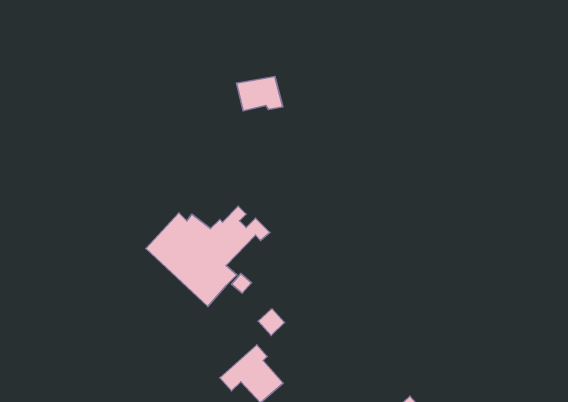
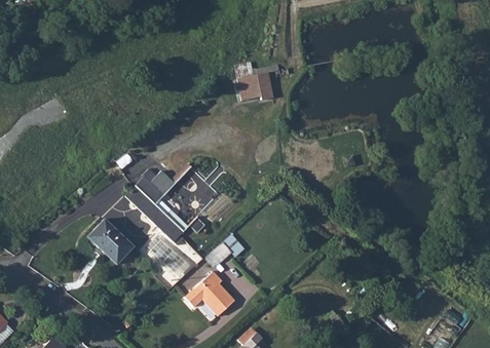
building: [237,77,283,111] -> [237,72,273,99]
building: none -> [87,219,135,265]

